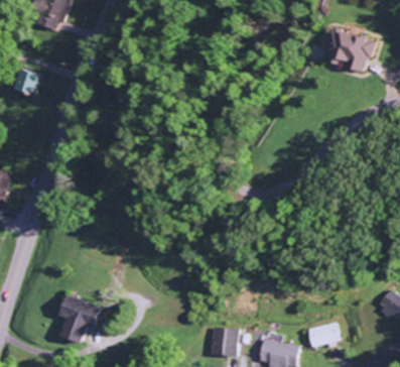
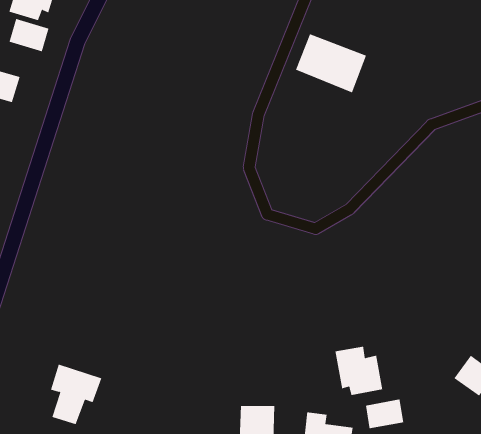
building: [319,27,375,74] -> [295,33,367,93]
building: none -> [9,18,49,52]
building: none -> [335,346,383,396]

